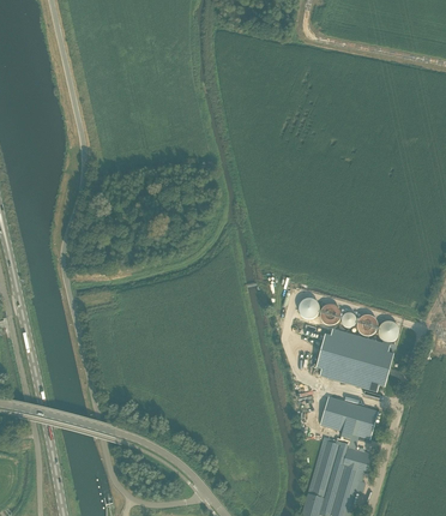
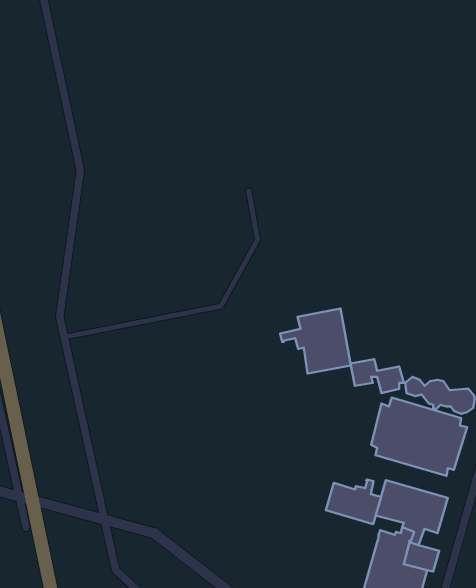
building: none -> [280,309,351,373]
building: none -> [326,479,381,524]

